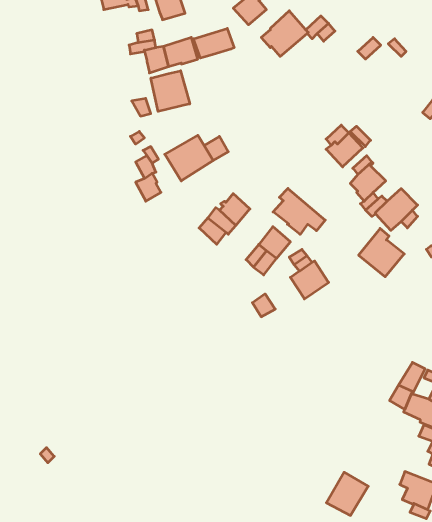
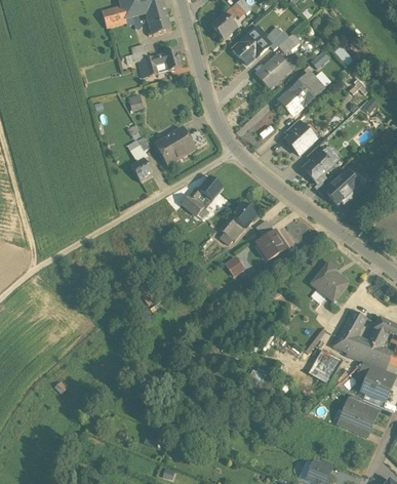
building: [194,28,234,58] -> none
building: none -> [255,53,291,88]
building: none -> [279,72,320,114]
building: [151,71,190,111] -> none
building: [273,188,325,234] -> none
building: [359,228,404,277] -> [311,260,348,299]
building: [326,472,368,515] -> [309,349,343,384]

